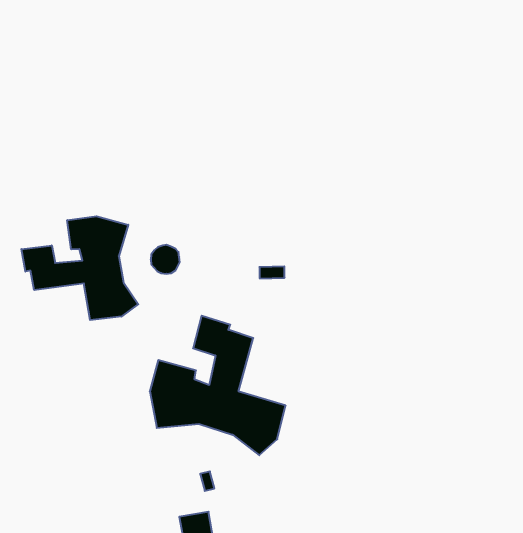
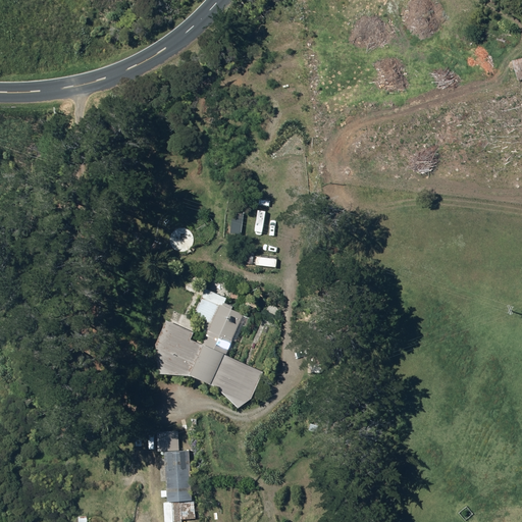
building: [21,216,138,320] -> none
building: none -> [156,428,177,450]

